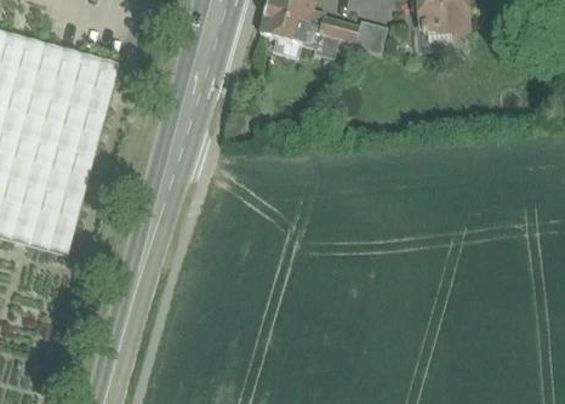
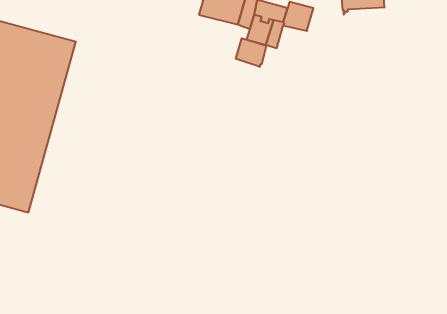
building: none -> [236,38,266,67]

